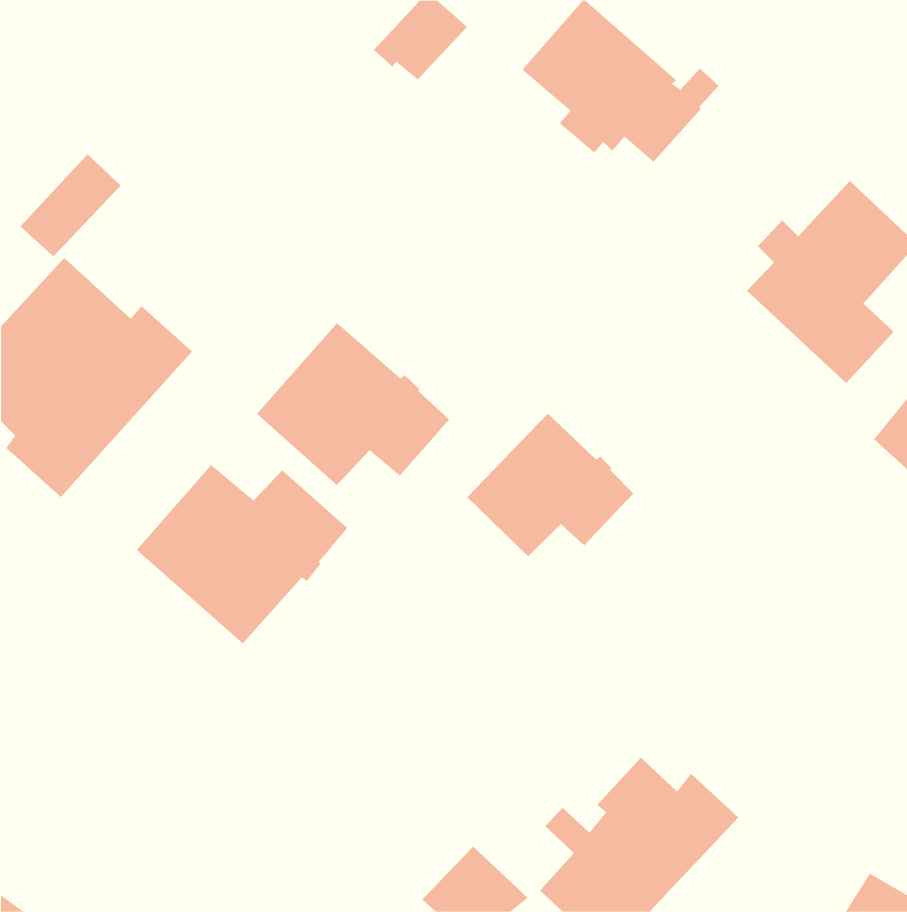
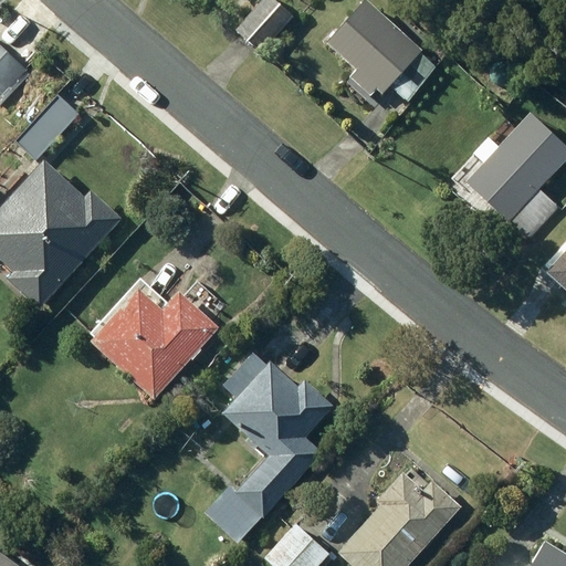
building: [256,322,450,486] -> none
building: [467,413,634,557] -> none
building: none -> [205,353,333,544]

